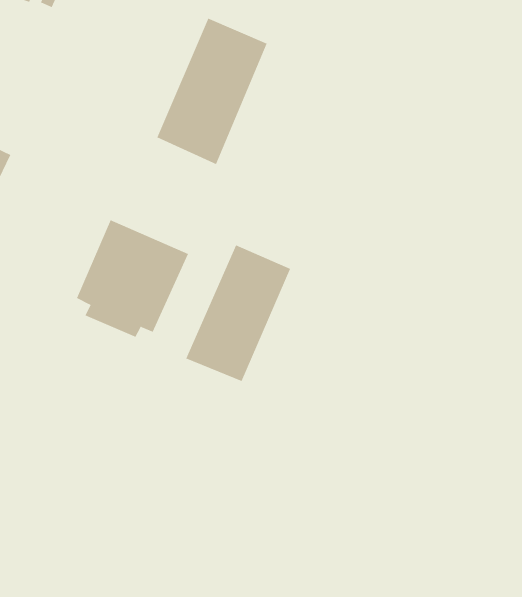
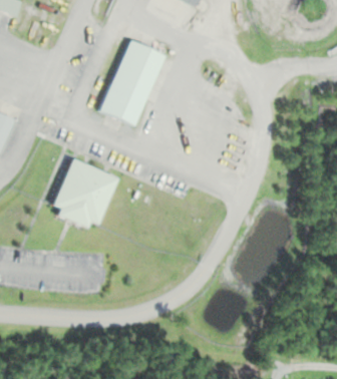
building: [185,245,291,382] -> none

